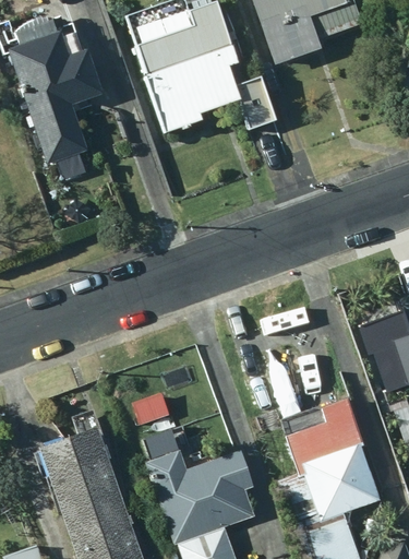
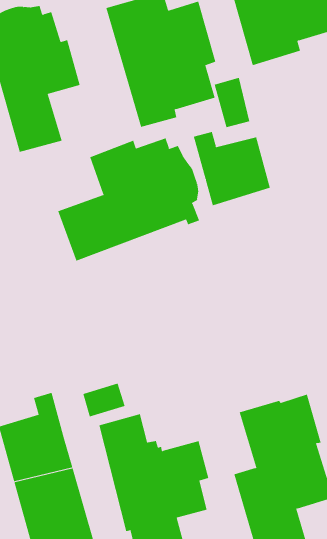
building: none -> [193,131,271,206]
building: none -> [57,138,200,262]

